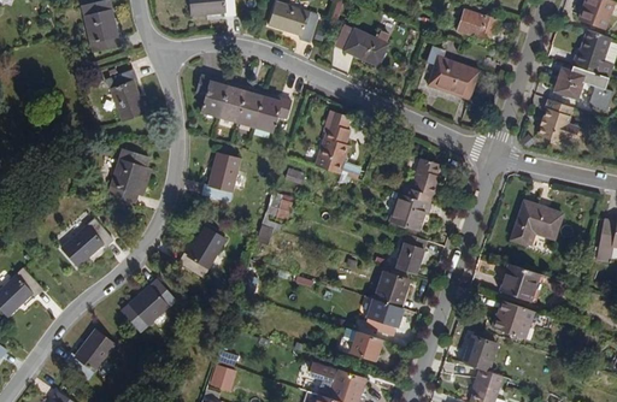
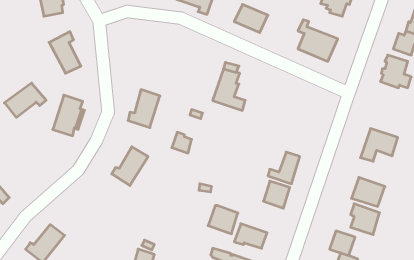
building: [196,73,293,128] -> none
building: [395,153,443,225] -> none
building: [61,218,117,264] -> [4,83,46,117]
building: [122,279,176,331] -> none
building: [369,294,409,331] -> [208,206,238,234]

